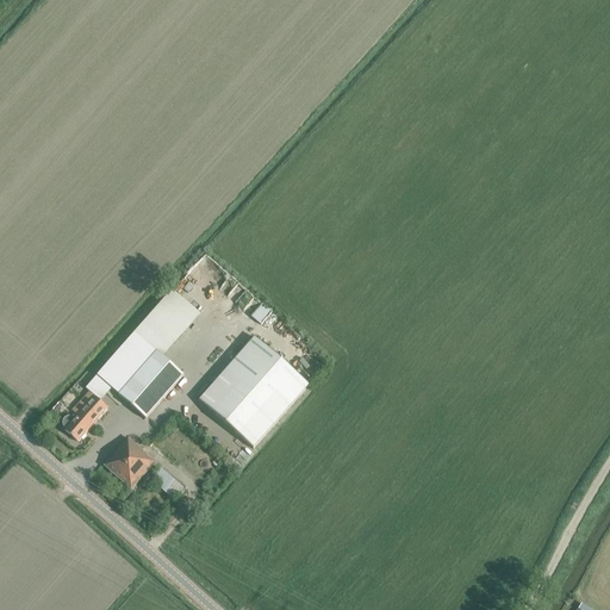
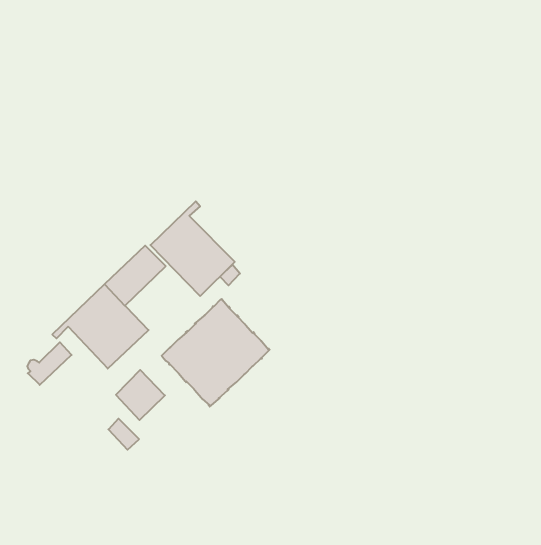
building: none -> [150,201,235,296]
building: [105,435,155,486] -> [116,370,165,420]

